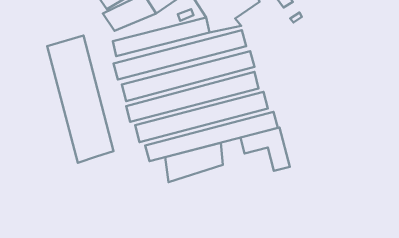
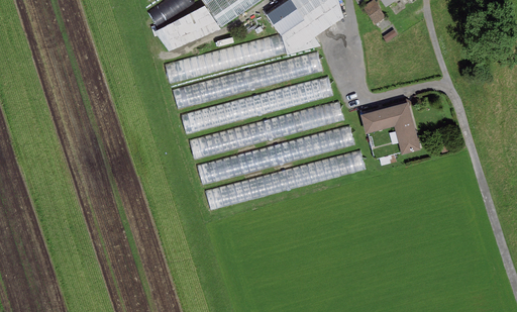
building: [47,35,114,163] -> none
building: [240,128,290,171] -> [359,101,419,153]
building: [165,143,223,182] -> none

